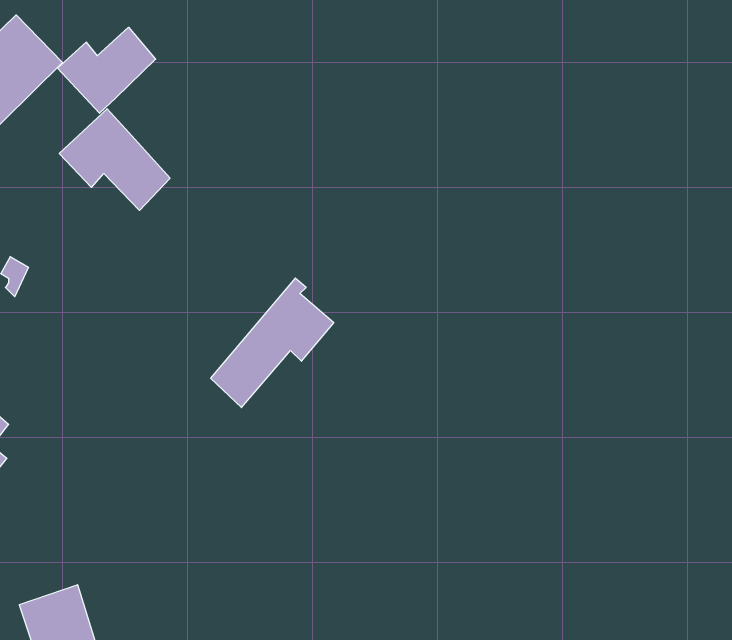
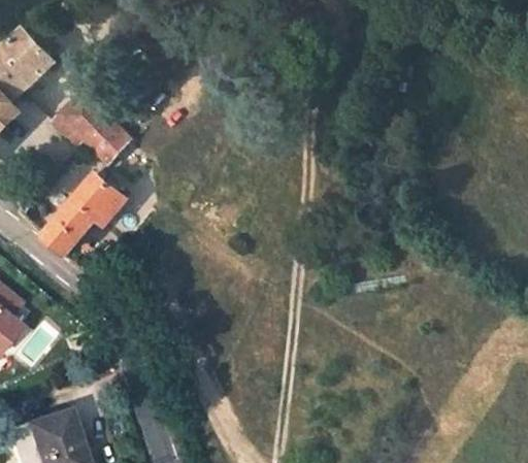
building: [58,27,156,113] -> none
building: [211,278,334,408] -> [42,170,125,257]

